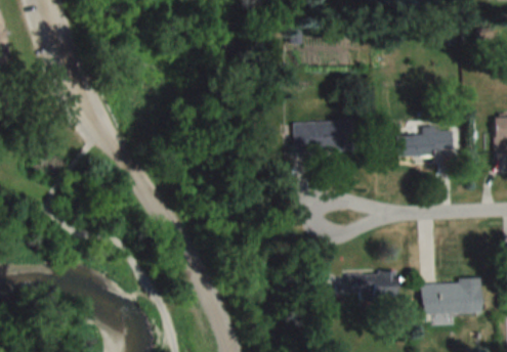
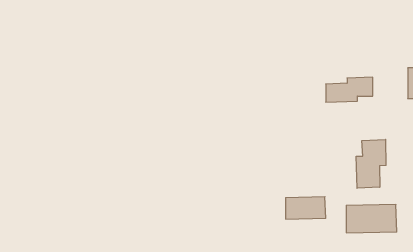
building: [295,121,355,151] -> none
building: none -> [356,139,386,188]

